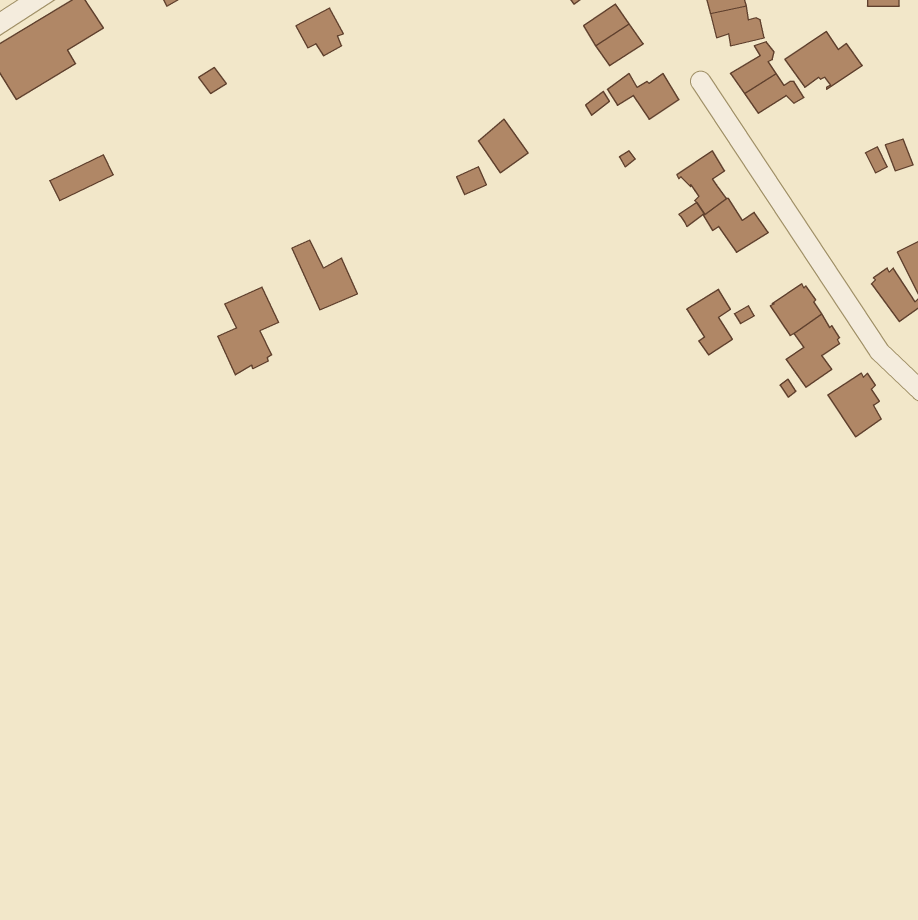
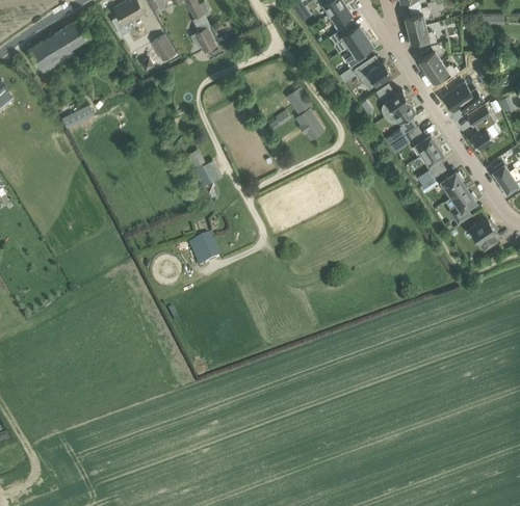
building: none -> [150,35,176,63]
building: [785,32,862,89] -> [441,83,482,113]
building: none -> [374,84,408,114]
building: none -> [465,106,493,150]
building: none -> [294,108,323,141]
building: [218,287,278,375] -> none
building: [687,289,732,355] -> [420,144,444,179]
building: none -> [192,237,218,266]

